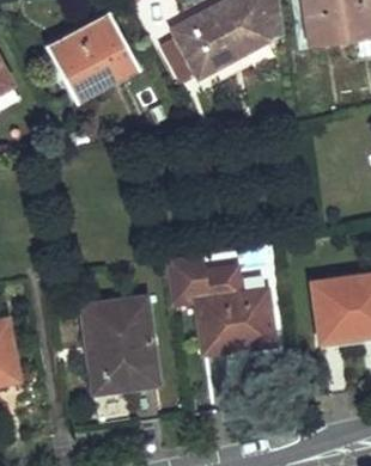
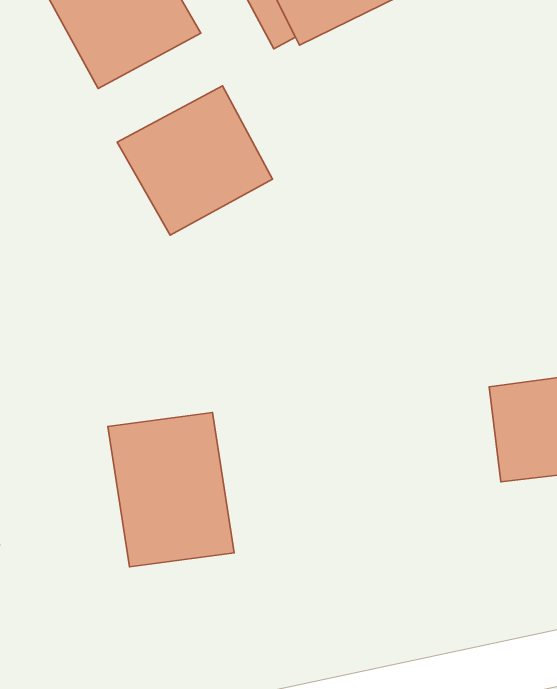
building: none -> [117,86,272,235]
building: [164,251,278,355] -> none

